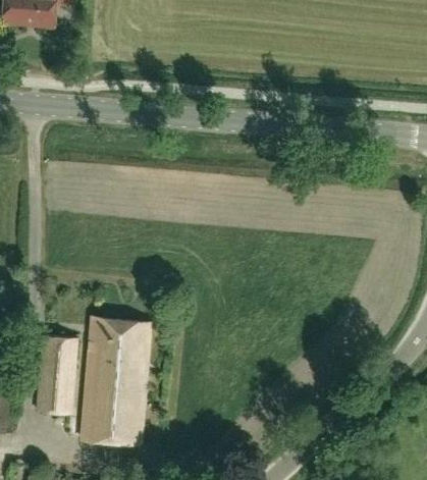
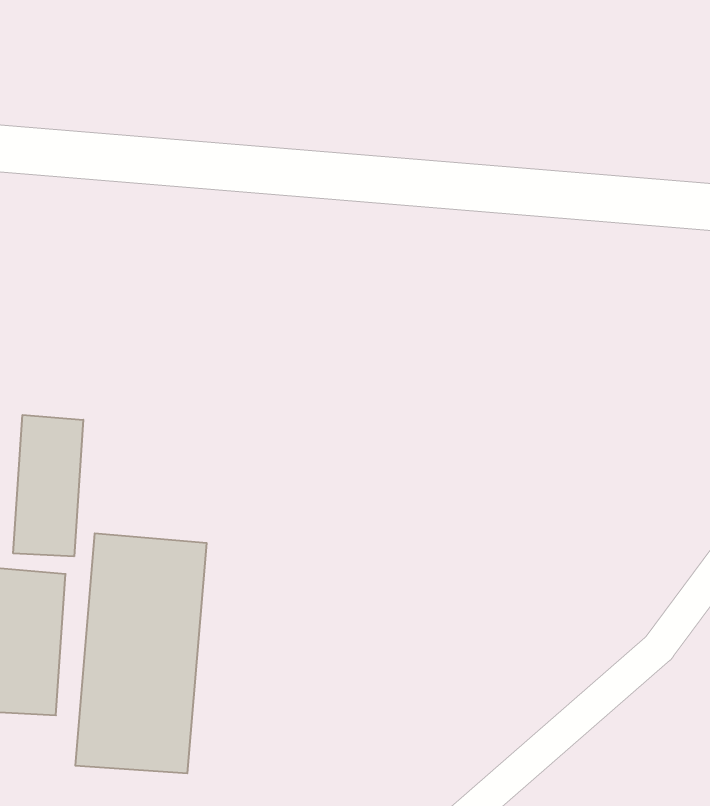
building: none -> [13,415,83,556]

